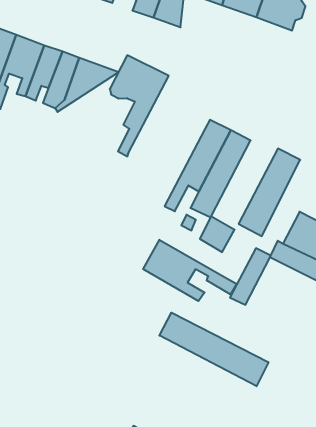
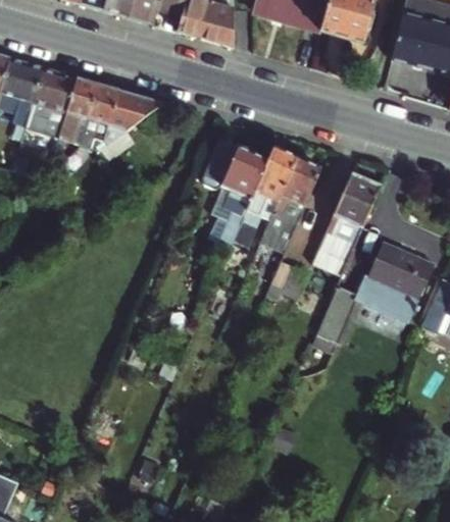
building: [110,55,169,156] -> [201,140,267,255]
building: [143,240,237,301] -> none
building: [159,313,268,386] -> none

